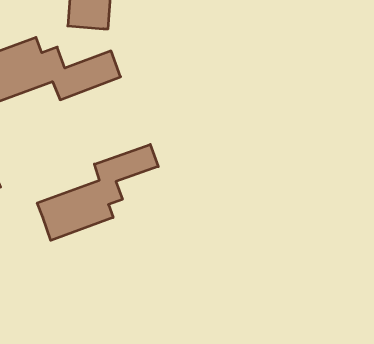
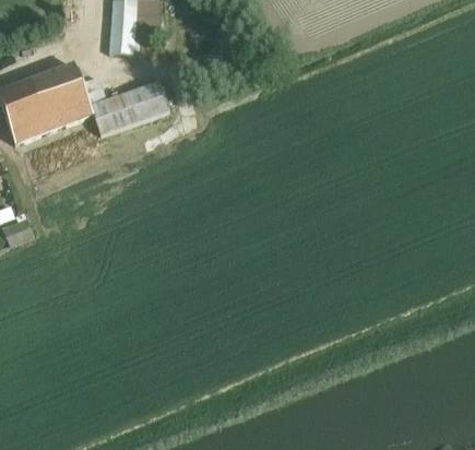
building: [37,144,158,240] -> none

